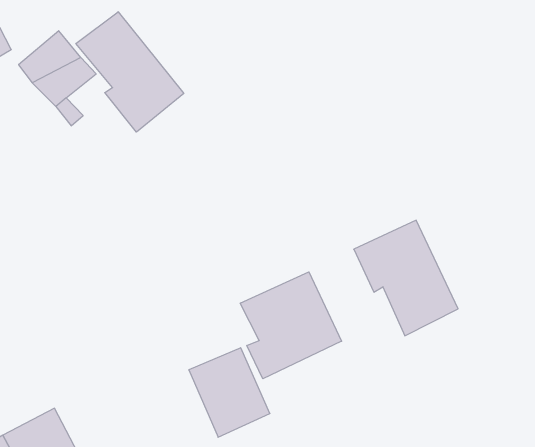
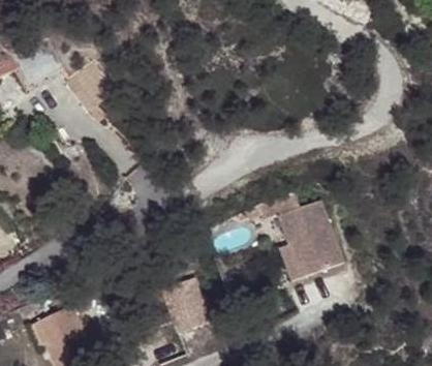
building: [76,12,184,132] -> none
building: [240,272,342,379] -> none

